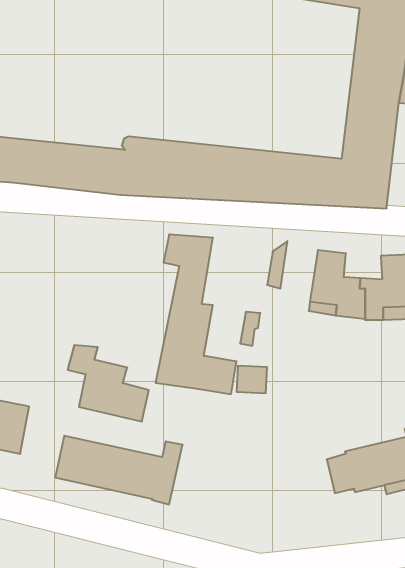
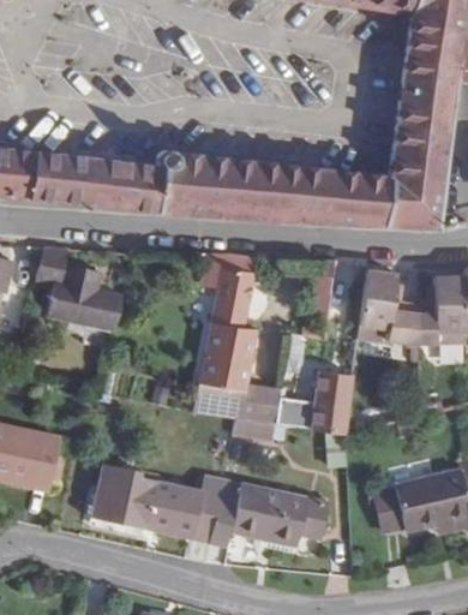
building: [68,345,149,422] -> [37,249,124,330]
building: none -> [312,374,353,435]
building: none -> [209,479,328,547]

